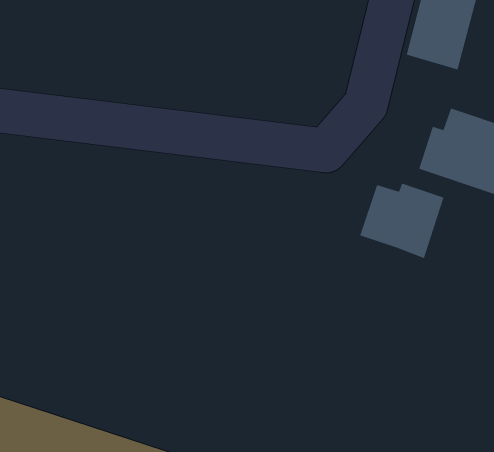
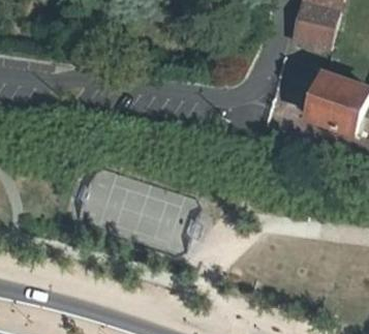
building: [359,183,445,259] -> none

